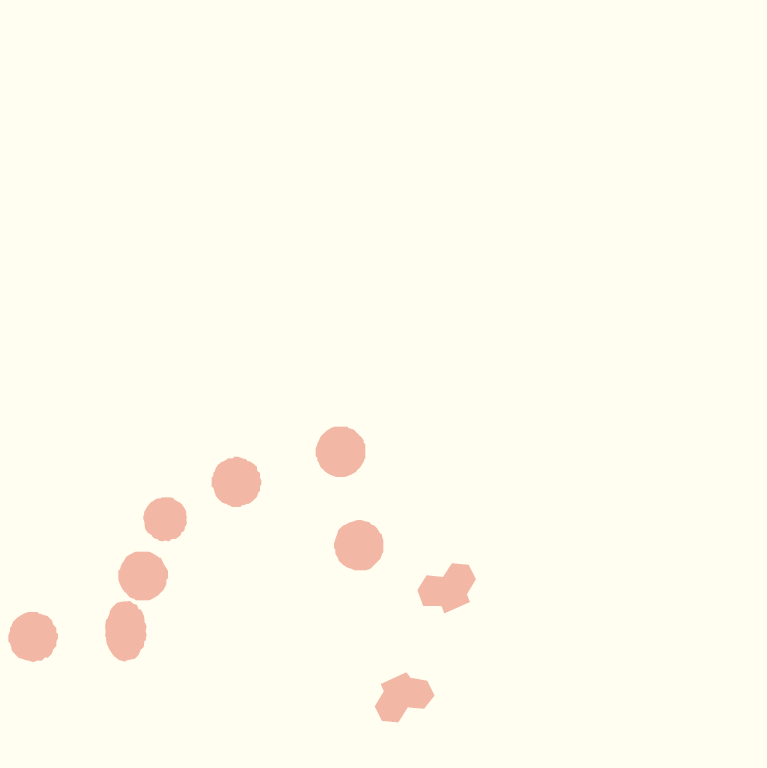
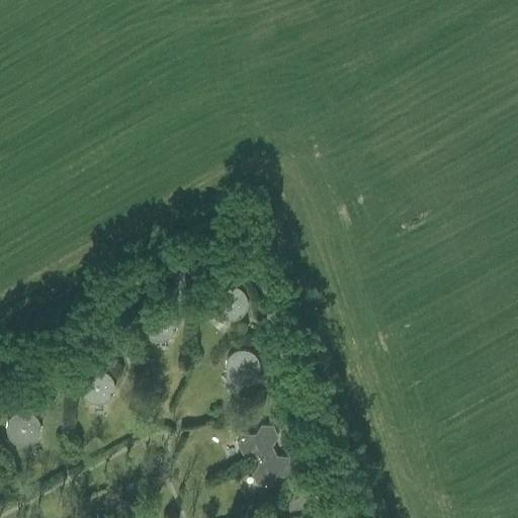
building: [142,496,188,542] -> none
building: [417,563,477,614] -> [239,426,279,460]
building: [105,600,147,662] -> none

